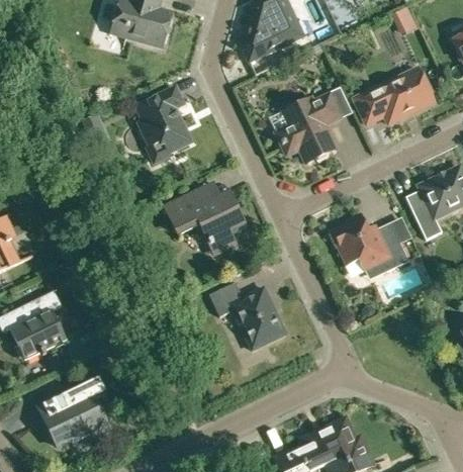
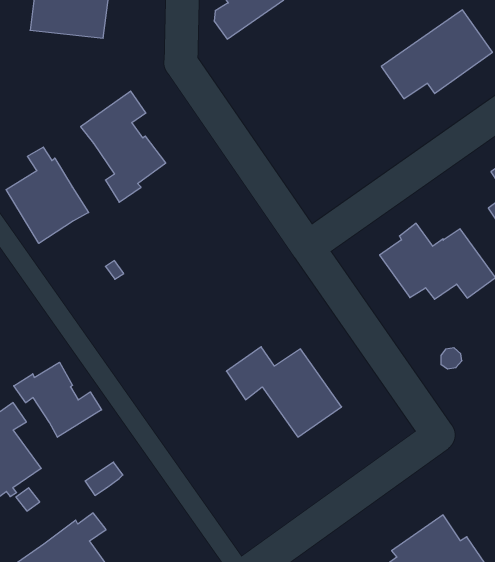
building: [276,93,340,163] -> none
building: none -> [6,147,89,243]
building: [165,189,244,254] -> none
building: none -> [14,362,102,437]

